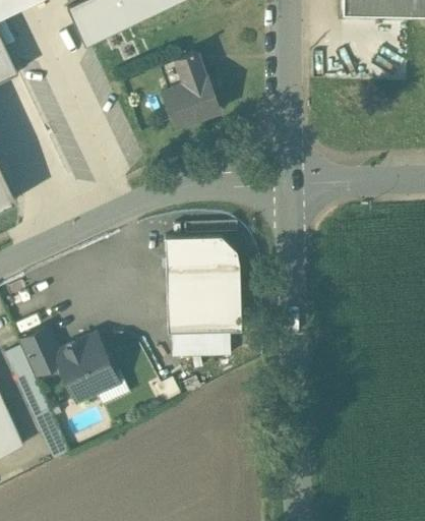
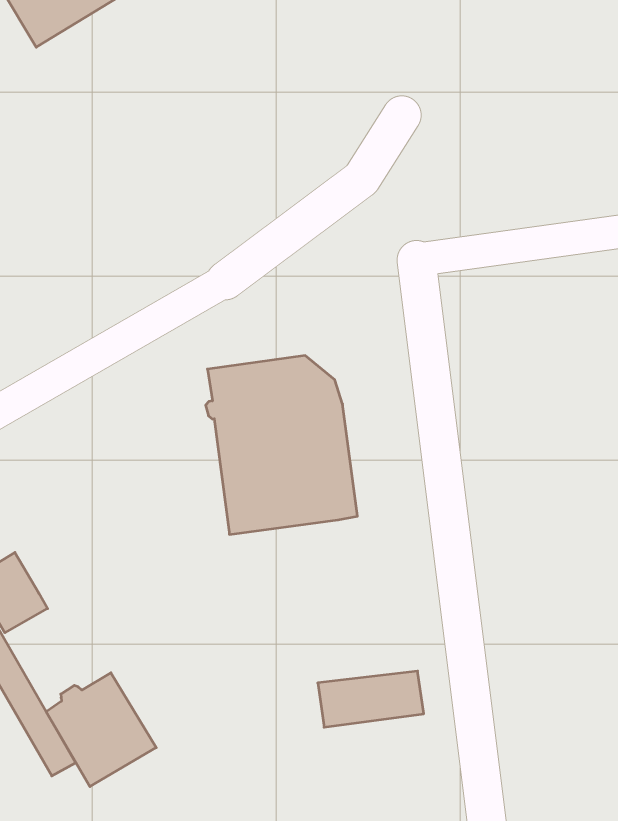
building: [161,54,220,127] -> none
building: [172,330,230,356] -> [318,671,424,727]
building: [56,336,116,399] -> [46,673,156,787]

